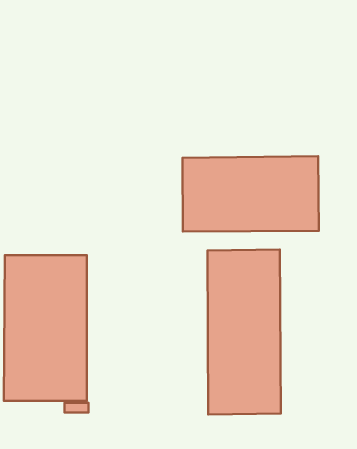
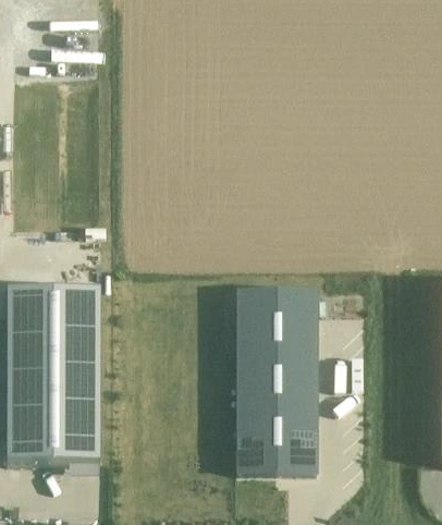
building: [182,156,319,231] -> none

